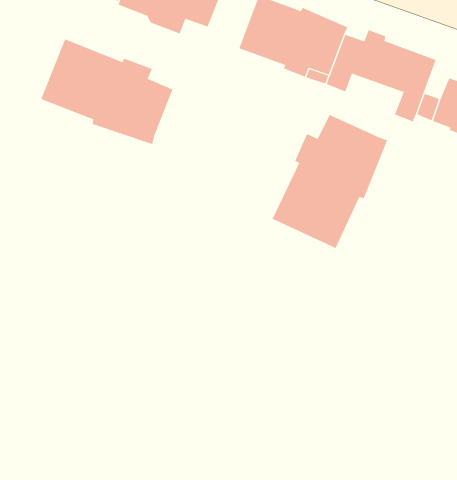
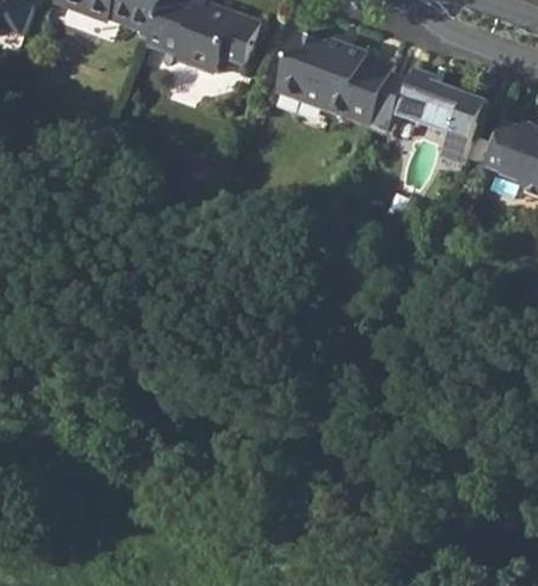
building: [41,38,173,145] -> none
building: [272,114,388,249] -> none

